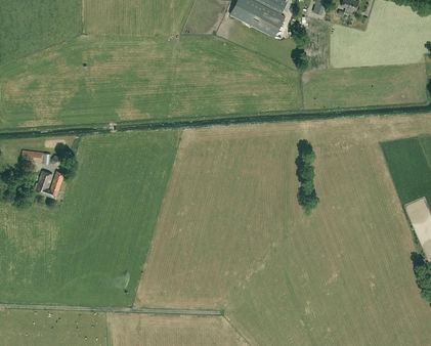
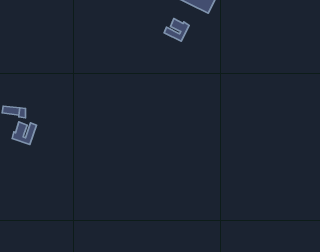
building: none -> [164,19,189,41]

